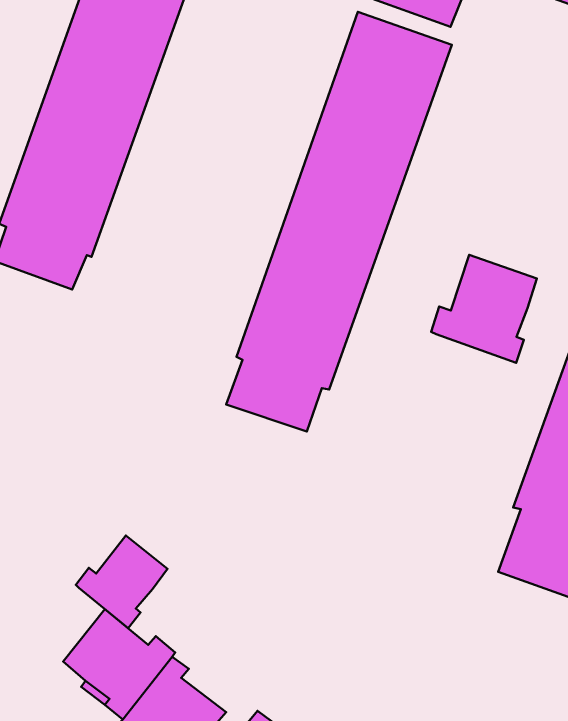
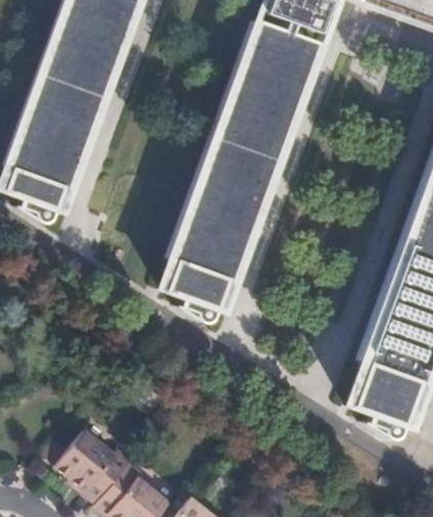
building: [431,255,537,363] -> none
building: [76,536,167,628] -> none

